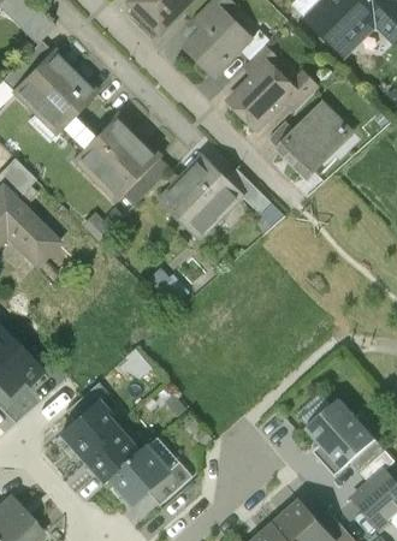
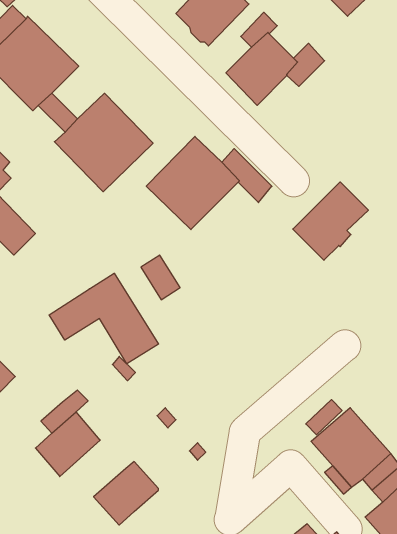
building: [279,105,346,174] -> [293,182,368,260]
building: none -> [49,273,159,364]
building: [82,427,141,484] -> none
building: [148,462,194,505] -> none

